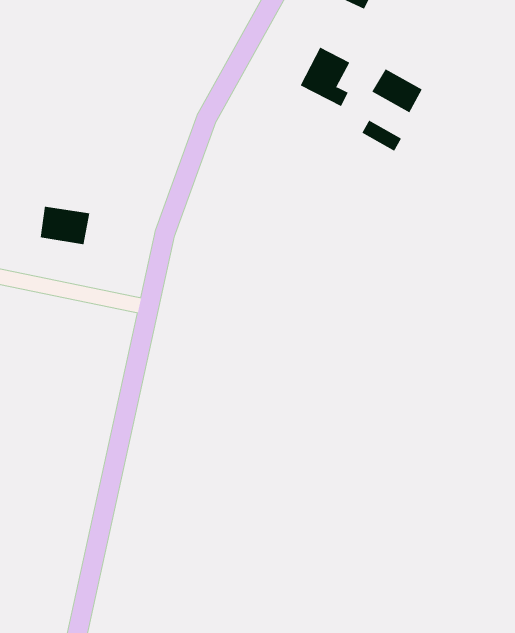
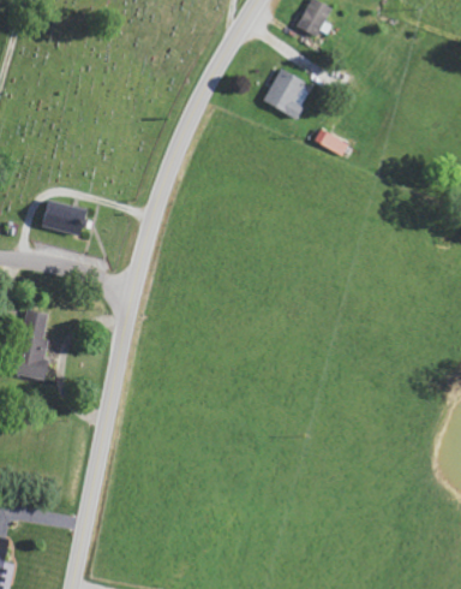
building: [372,68,422,113] -> none
building: none -> [19,311,50,380]

